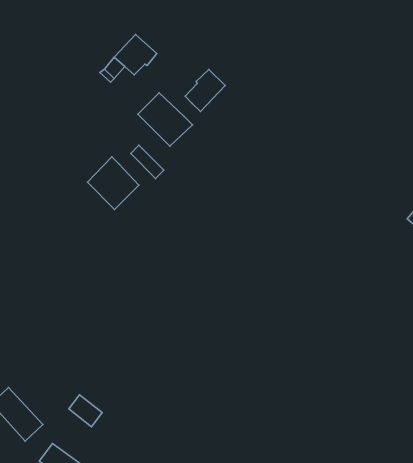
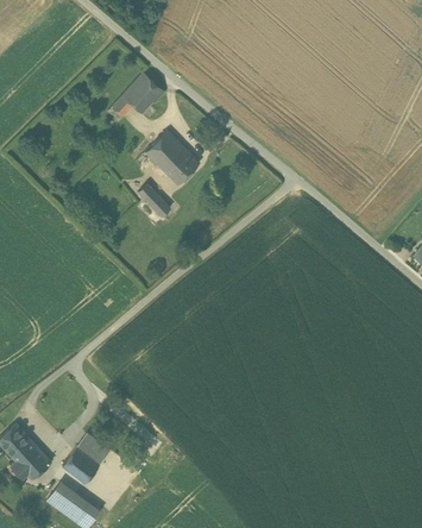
building: [185,70,225,112] -> none
building: [87,157,139,209] -> none
building: none -> [62,447,99,484]

